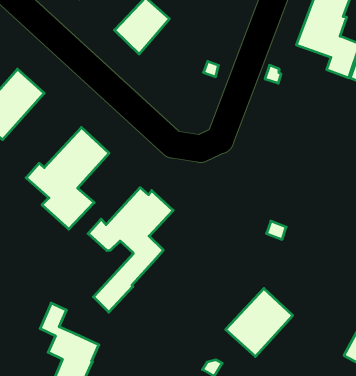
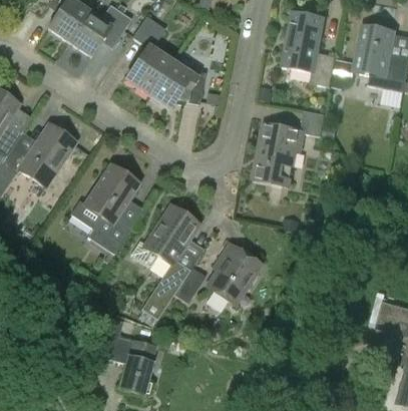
building: none -> [149,60,205,107]
building: none -> [252,109,326,184]
building: none -> [174,266,206,301]
building: [226,288,293,357] -> [206,245,261,304]

